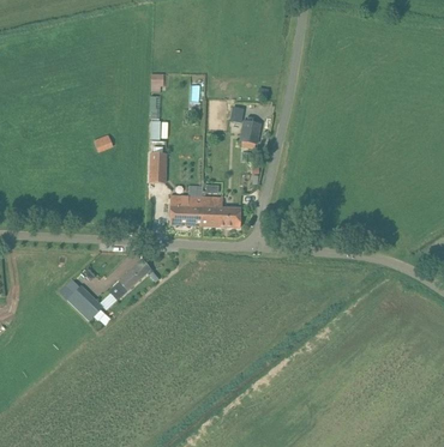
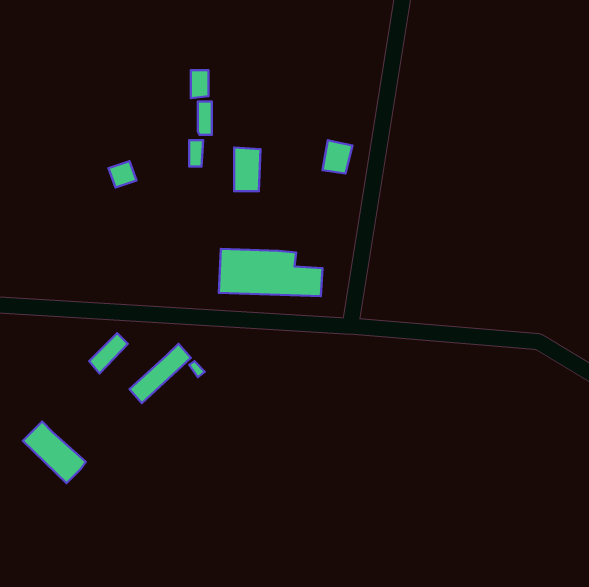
building: [149,152,167,182] -> [234,147,261,191]
building: [59,278,102,320] -> [23,422,86,483]

